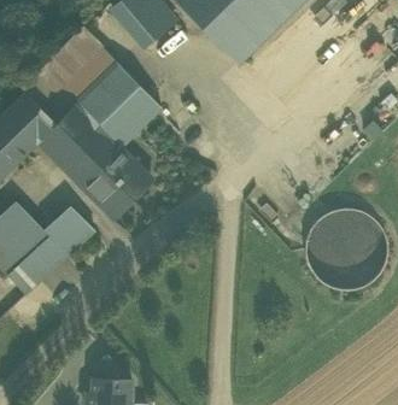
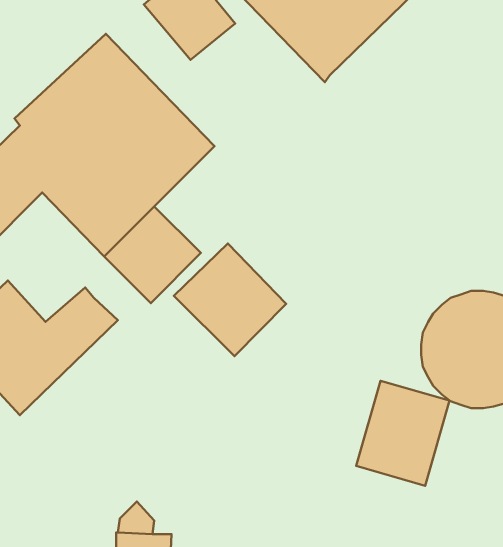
building: none -> [174,244,286,356]
building: none -> [356,381,450,486]

